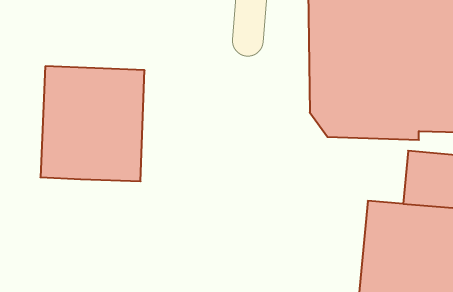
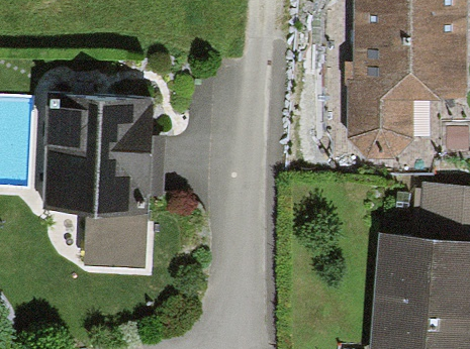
building: none -> [84,212,147,264]

